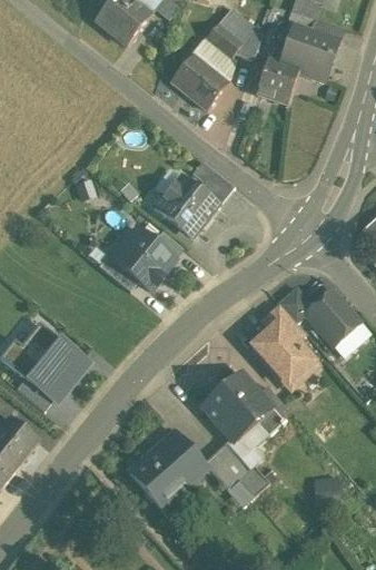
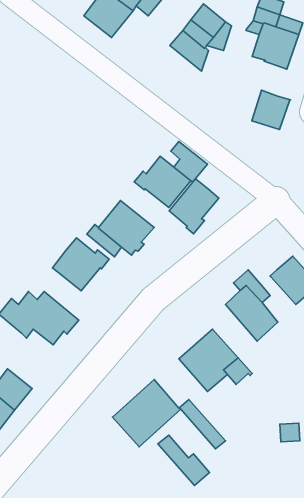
building: [171,53,228,109] -> none
building: [256,59,299,104] -> [252,90,290,130]
building: none -> [169,179,219,234]
building: none -> [52,238,109,291]
building: [278,287,313,323] -> none
building: [17,373,61,411] -> none
building: [214,442,271,499] -> [158,435,209,485]

